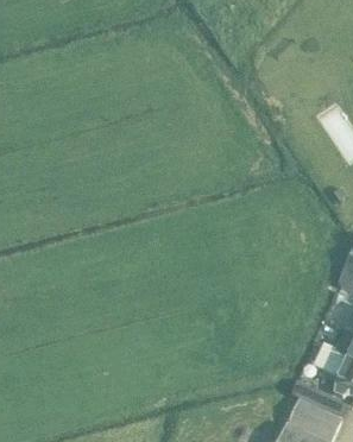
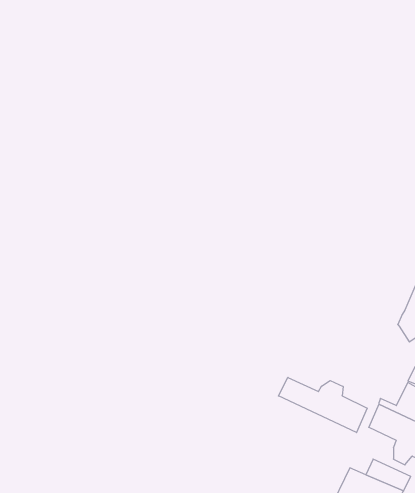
building: none -> [278,377,367,433]

